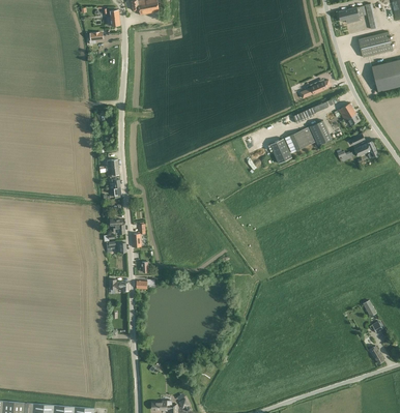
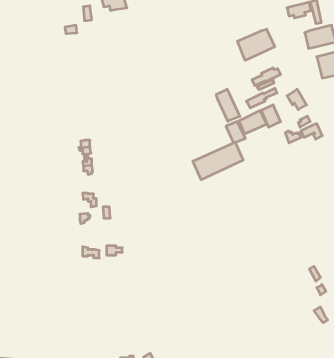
building: none -> [237,29,275,60]
building: none -> [216,89,240,121]
building: none -> [193,142,243,180]

